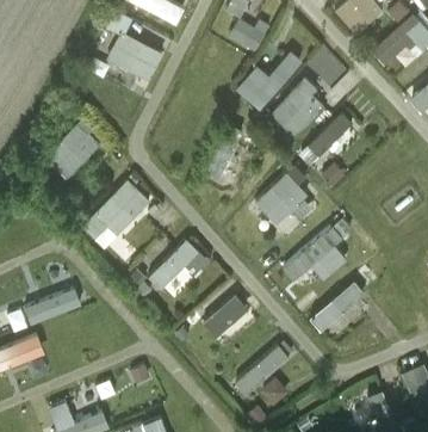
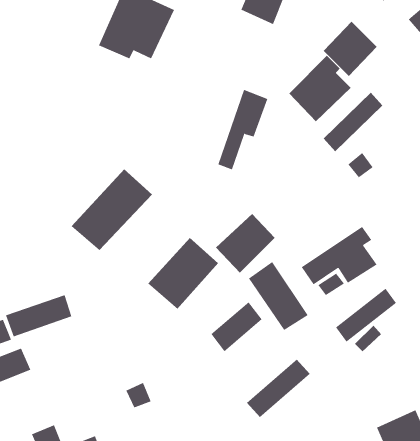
building: [237,50,302,109] -> none
building: [45,121,103,179] -> none
building: [255,172,308,224] -> [215,213,275,273]
building: none -> [248,261,308,331]

